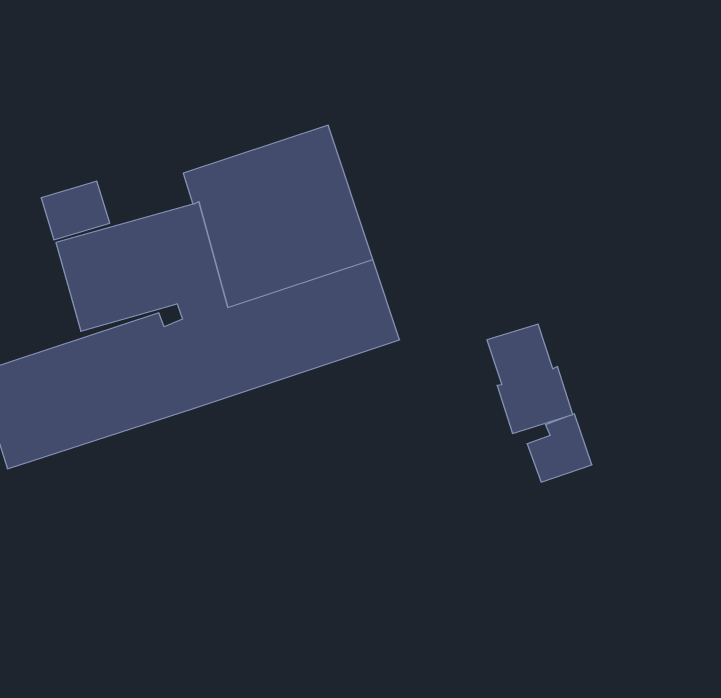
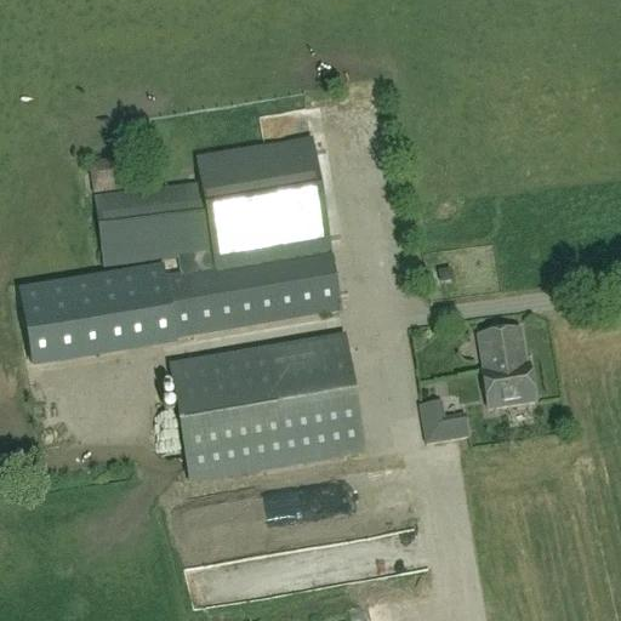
building: [487,324,573,433] -> [480,329,536,408]
building: none -> [172,337,365,479]

